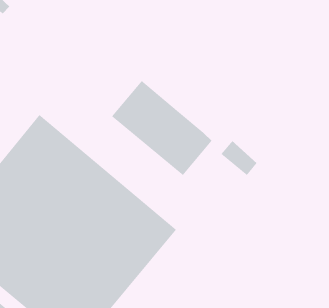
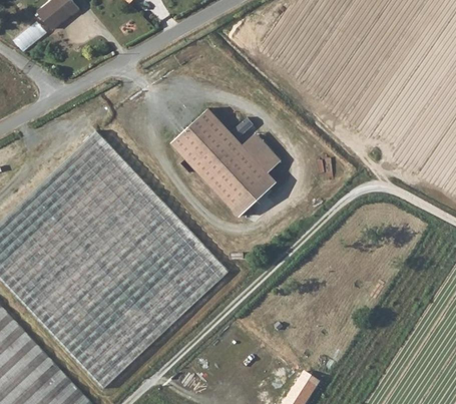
building: [221,140,258,176] -> [242,133,280,173]

